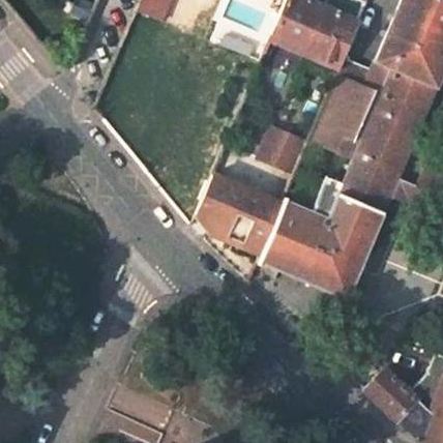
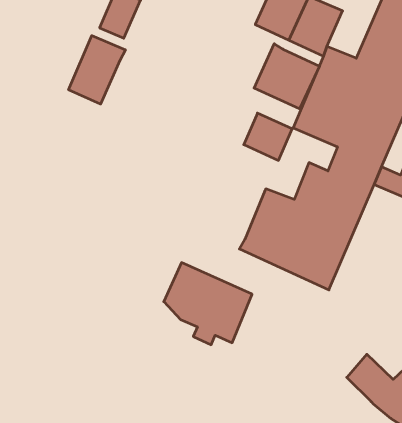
building: none -> [69,36,125,104]
building: none -> [254,44,319,109]
building: [196,172,283,253] -> [164,263,252,345]

